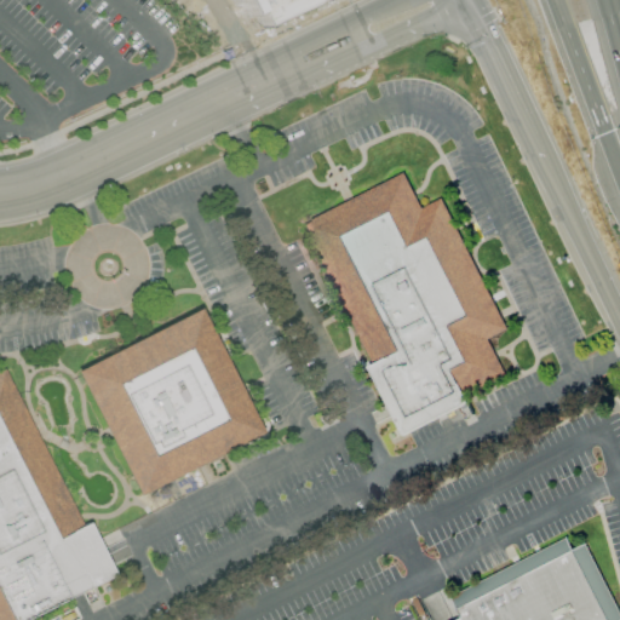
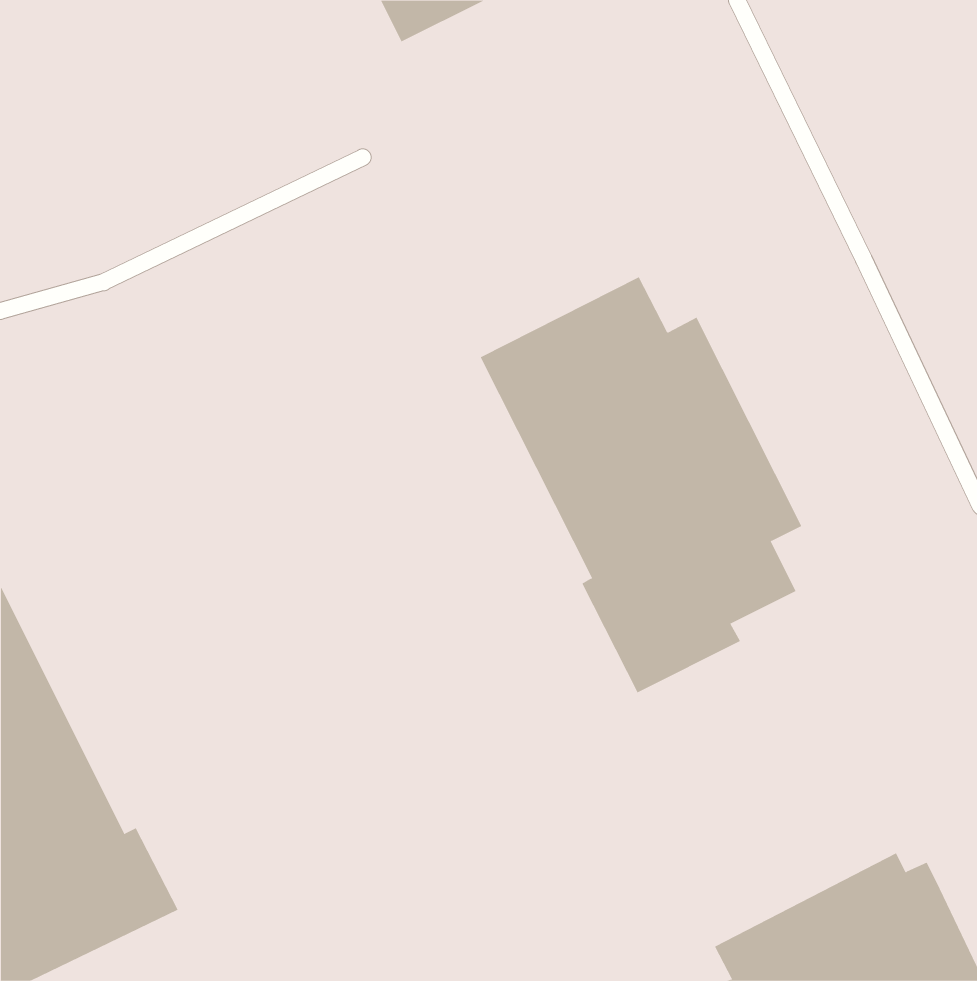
building: [76,311,260,493] -> none

